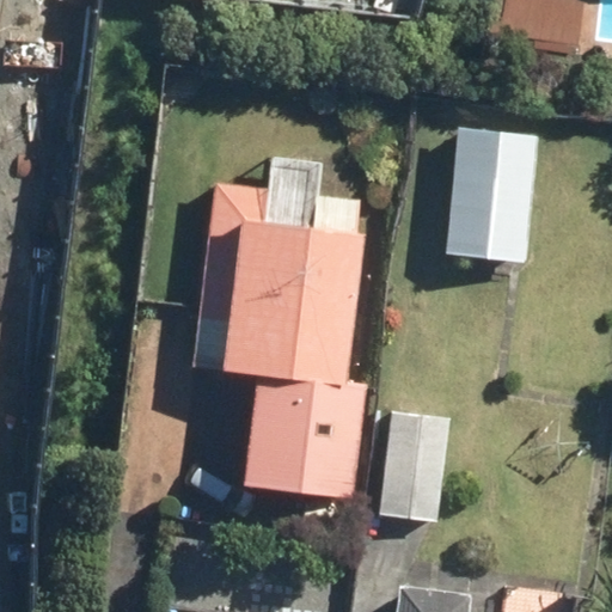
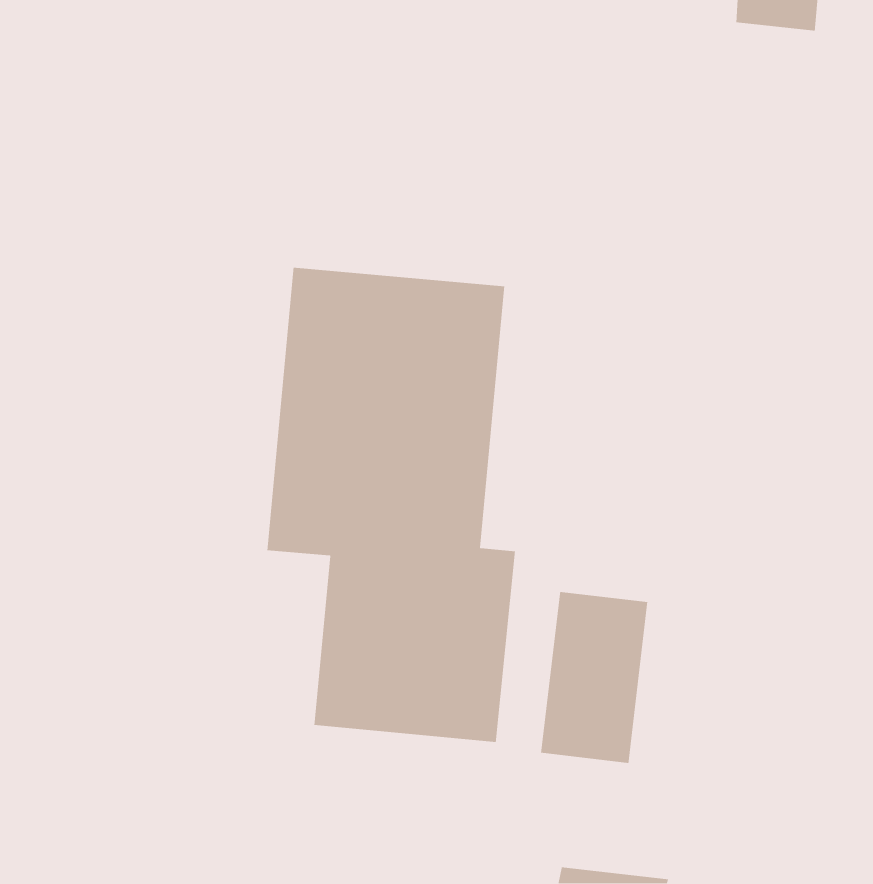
building: [448,127,537,268] -> none

